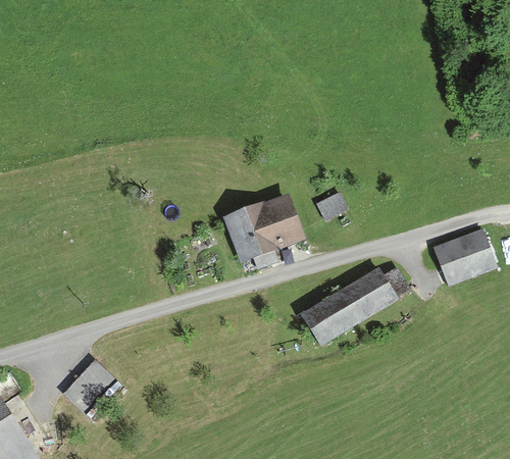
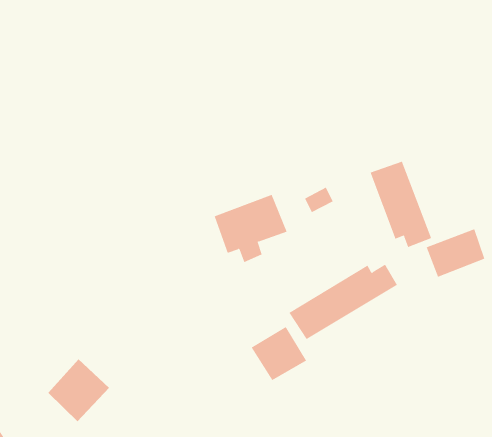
building: none -> [370,161,432,248]
building: none -> [251,326,307,381]

